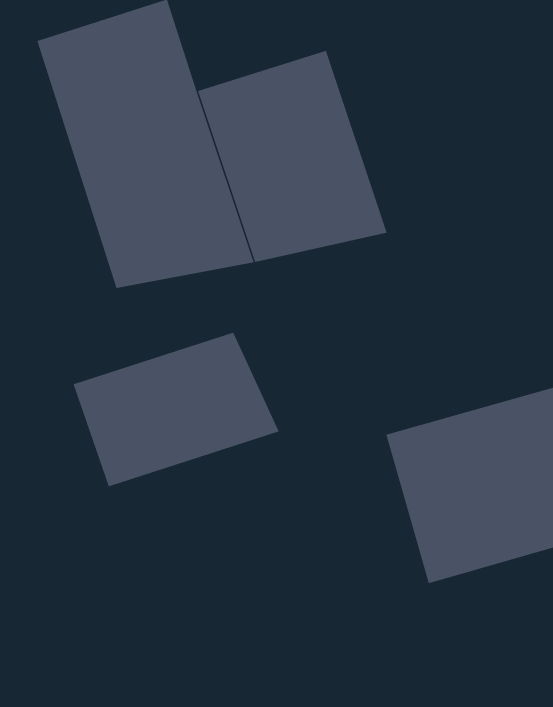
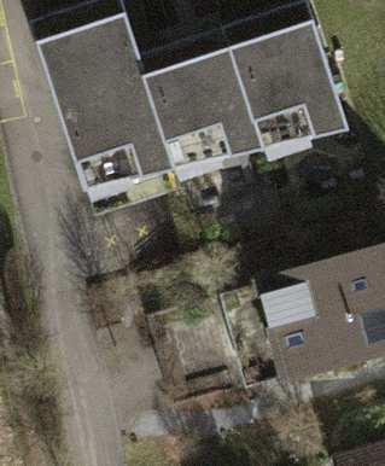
building: none -> [222,6,350,153]
building: [73,332,280,487] -> none

